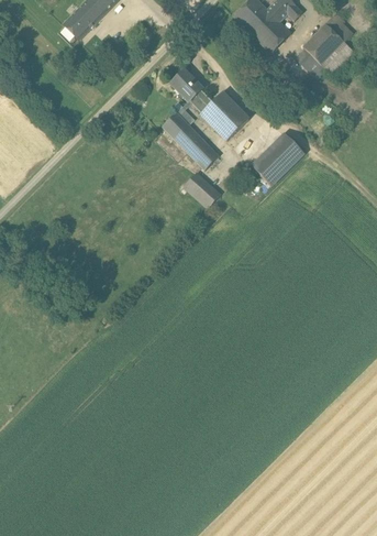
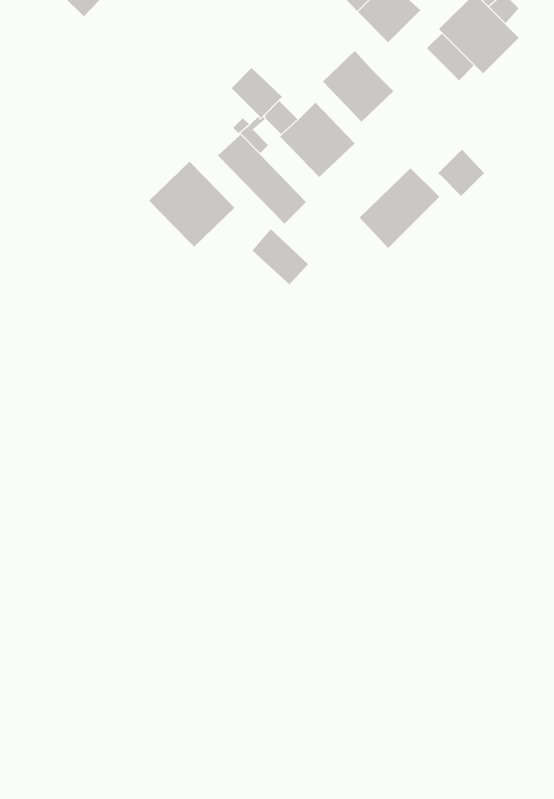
building: none -> [322,50,394,122]
building: none -> [437,149,485,197]
building: none -> [148,161,235,248]

